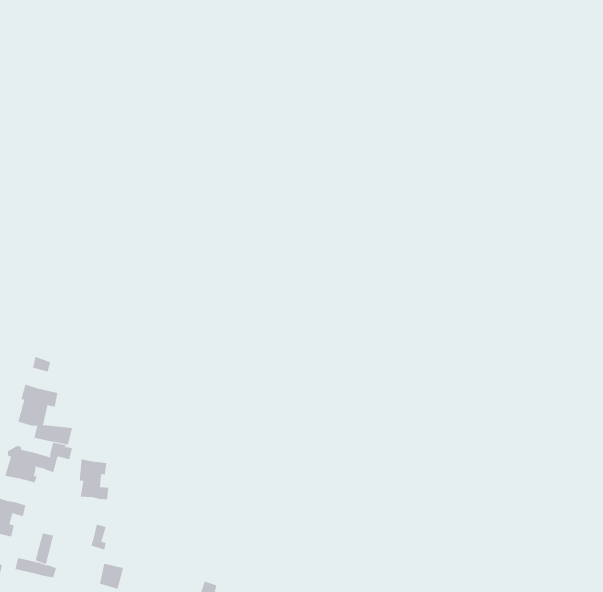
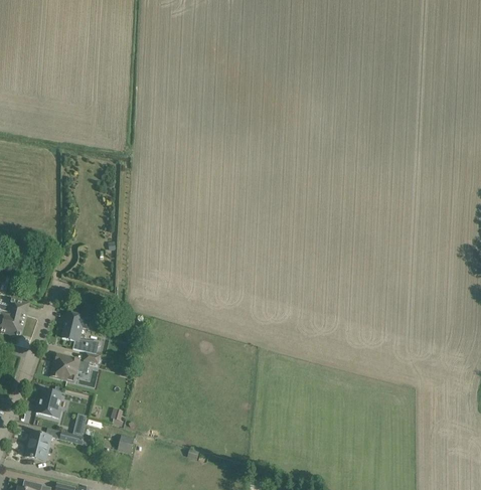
building: [79,459,109,500] -> none

